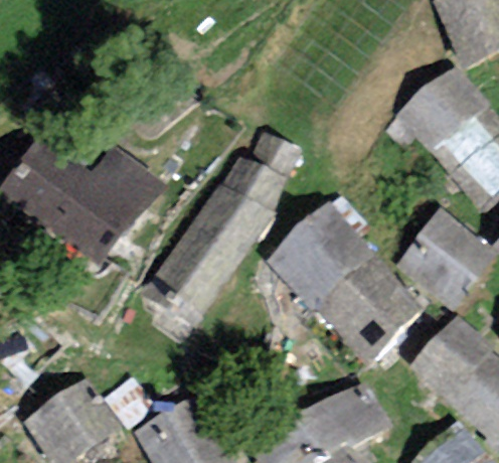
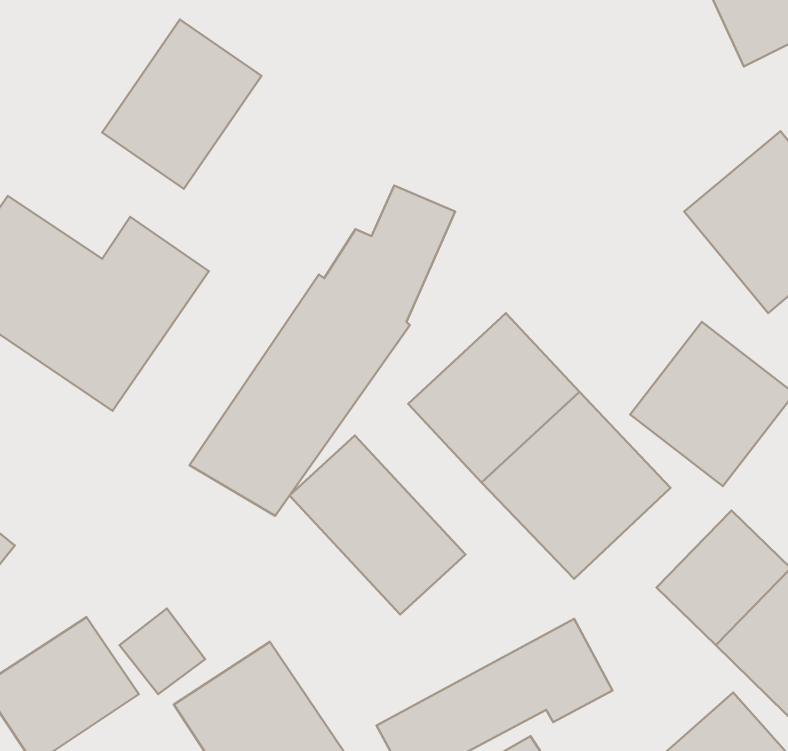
building: none -> [102,20,262,189]
building: [401,69,484,148] -> none
building: none -> [290,435,465,615]

